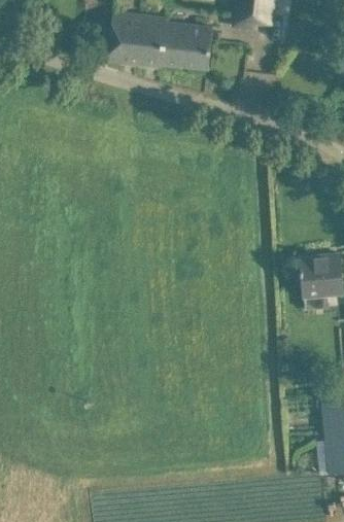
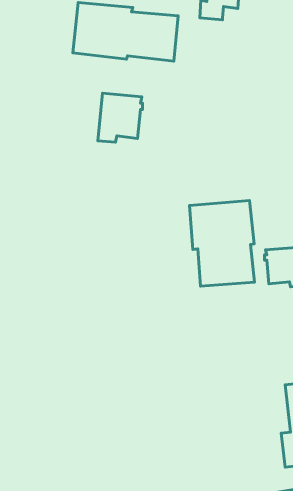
building: none -> [98,93,143,142]
building: none -> [189,200,254,286]

